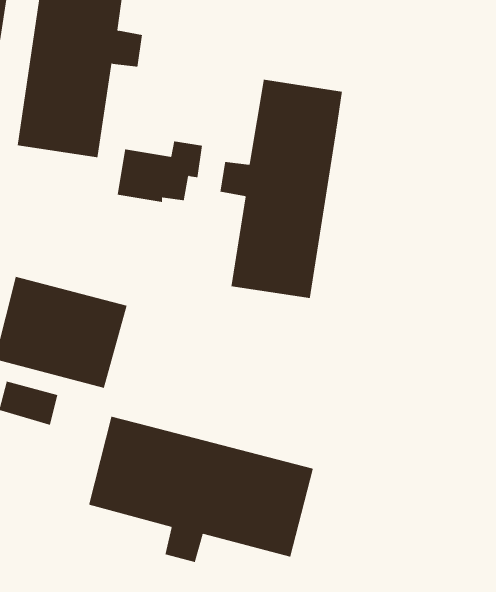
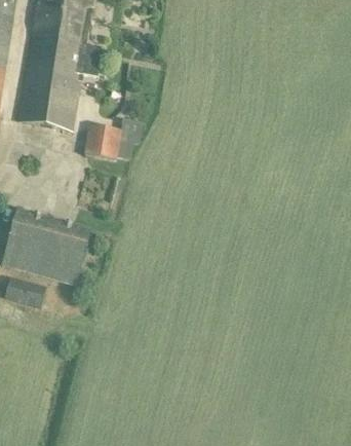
building: [220,79,343,299] -> none
building: [88,416,313,563] -> none

